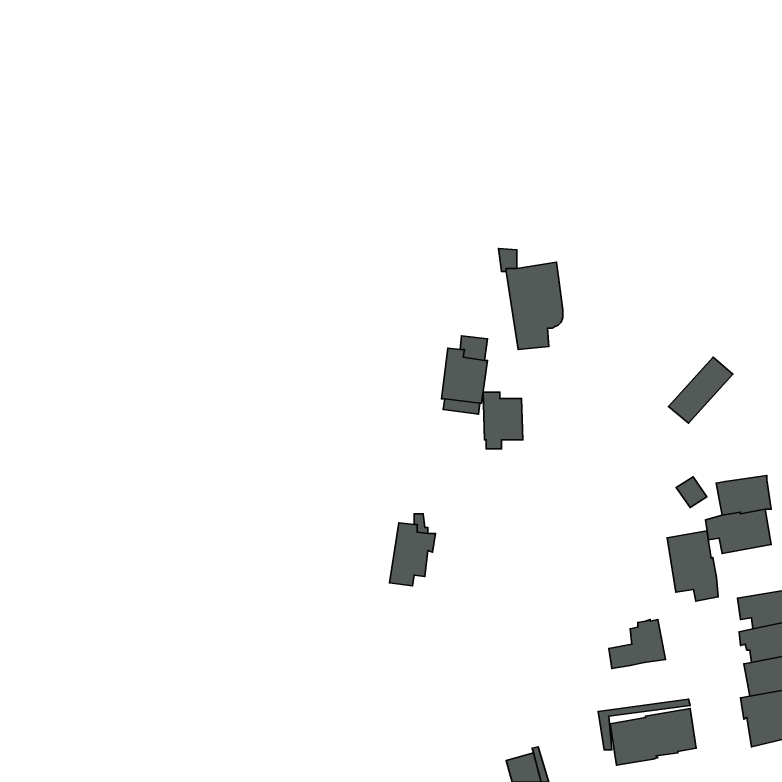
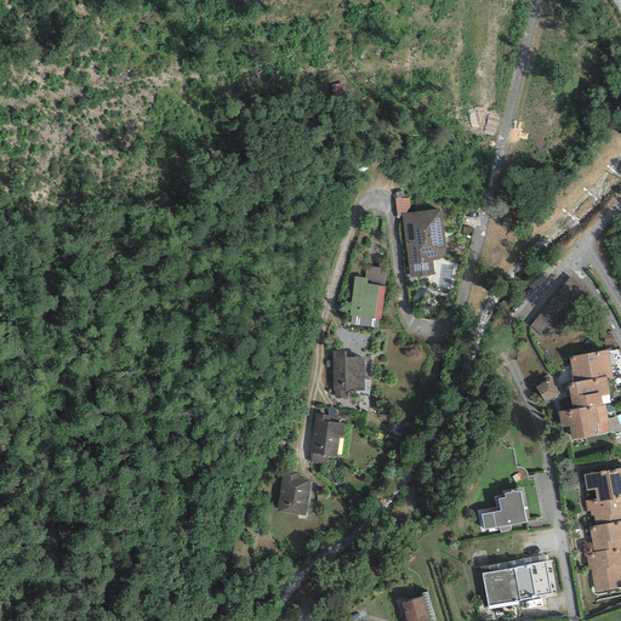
building: [483,392,523,449] -> [334,352,365,397]
building: none -> [570,348,614,381]
building: [667,531,718,601] -> none
building: none -> [278,468,310,514]

